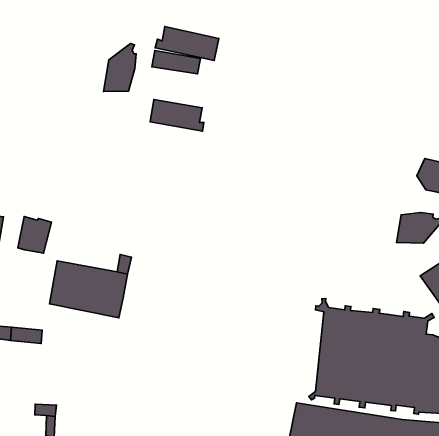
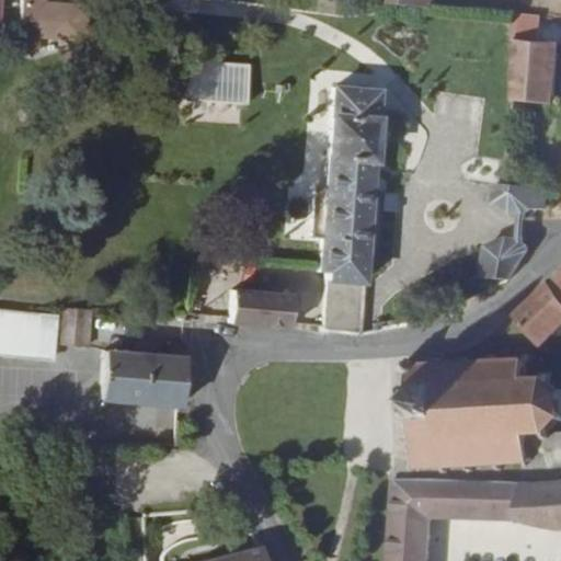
building: [103,43,136,92] -> none
building: none -> [314,85,386,334]
building: [150,99,204,131] -> none
building: none -> [229,290,293,328]

